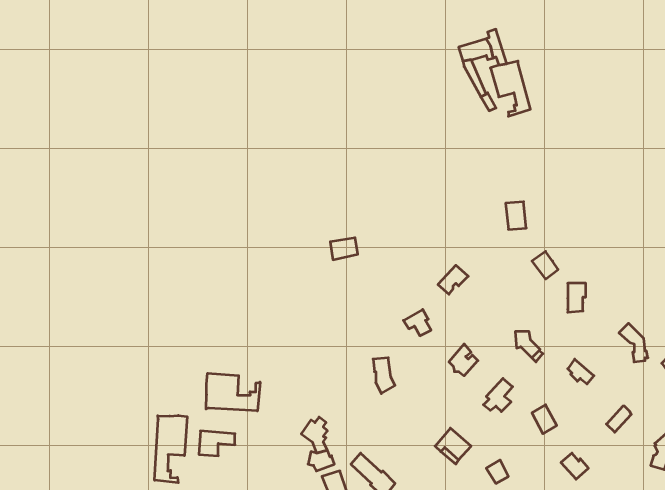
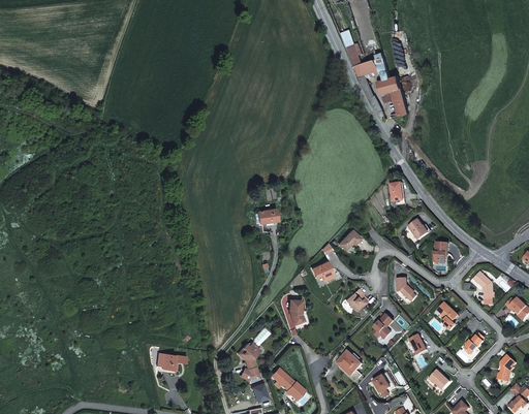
building: [206,373,260,411] -> none
building: [155,415,187,483] -> none

